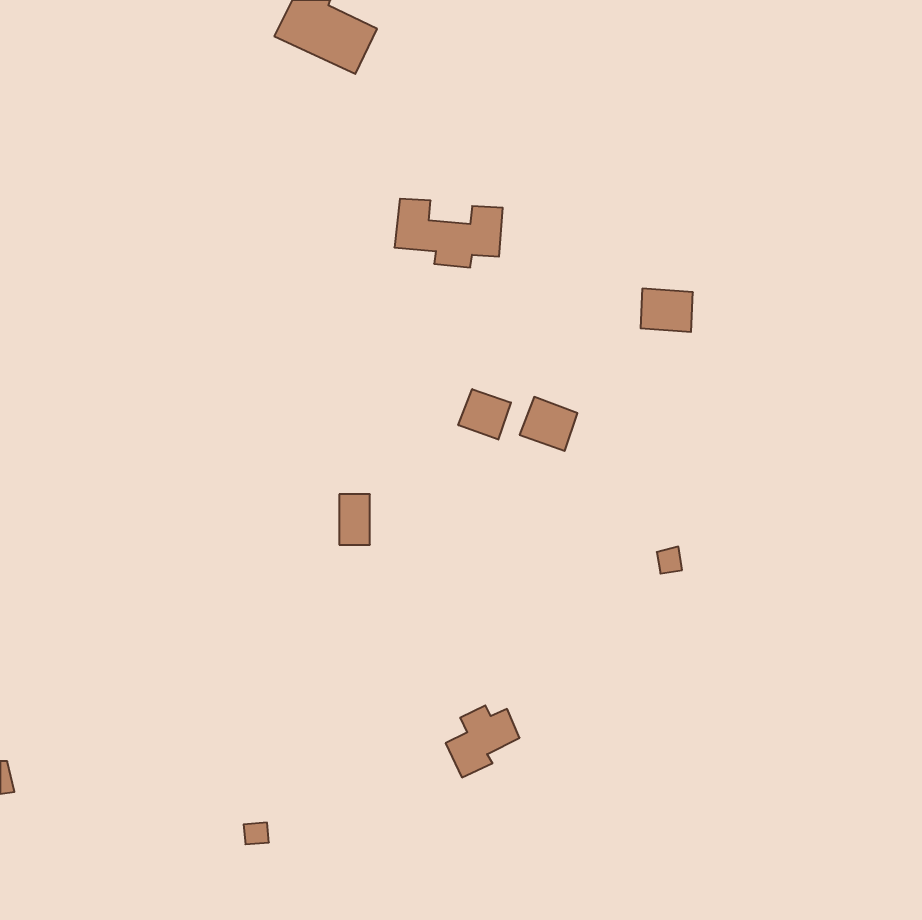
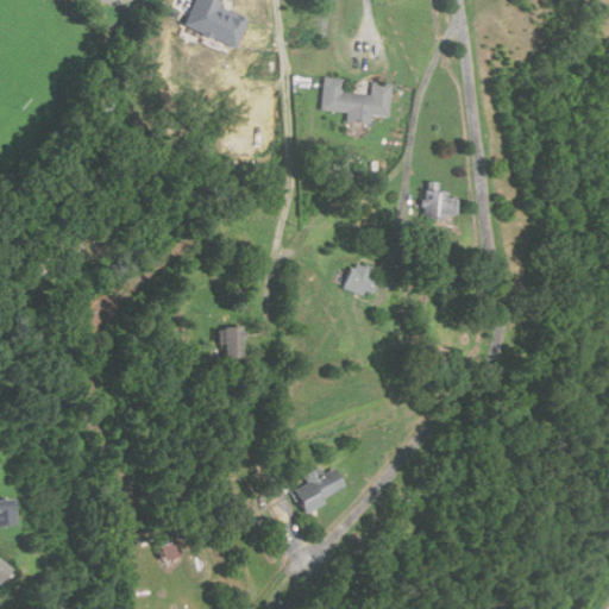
building: [394,199,503,267] -> [320,79,391,124]
building: [458,389,511,440] -> none

